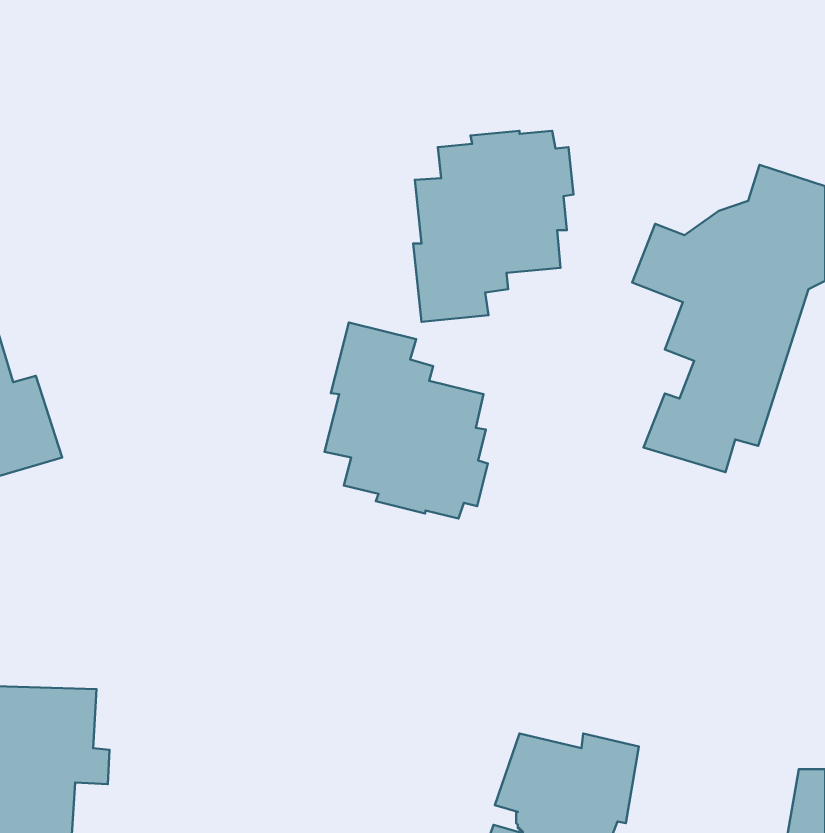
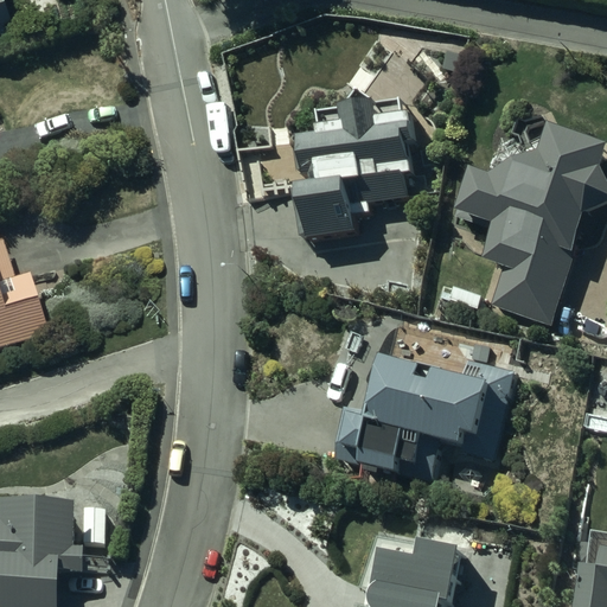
building: [325,322,488,519] -> none
building: none -> [332,351,513,481]

